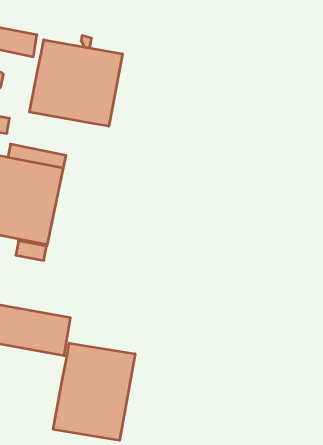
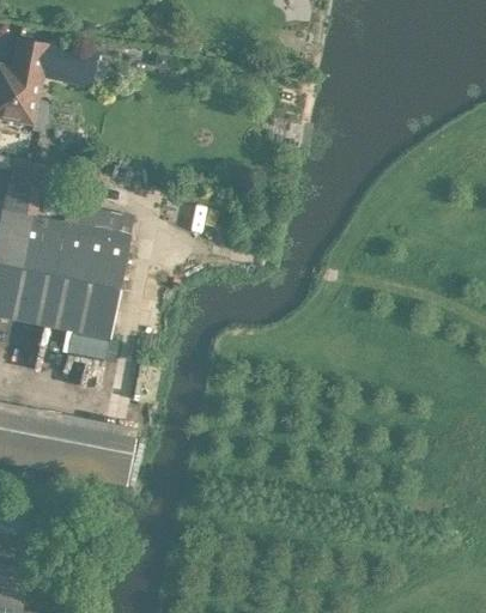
building: [29,40,122,126] -> none
building: [53,343,135,440] -> none

